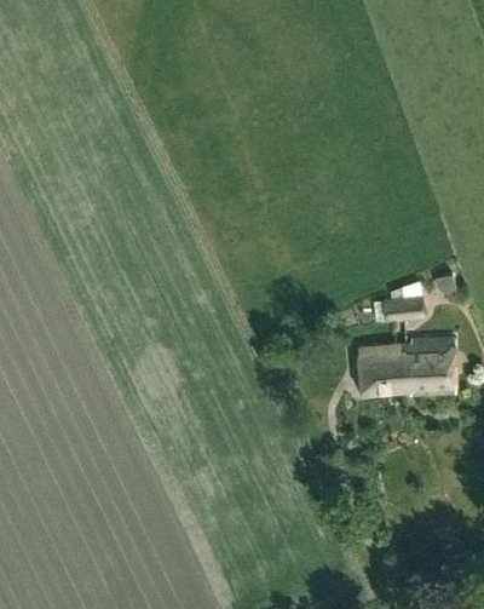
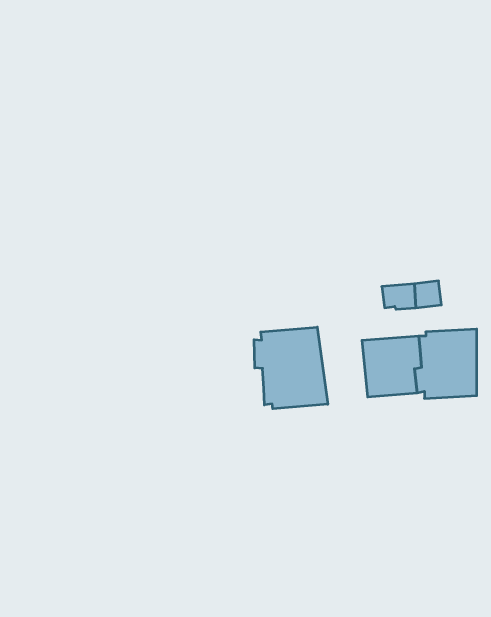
building: none -> [254,327,328,409]

